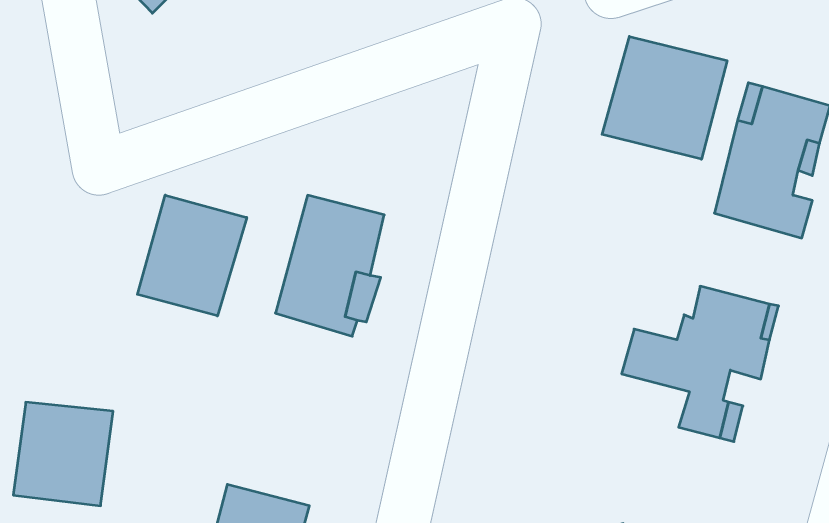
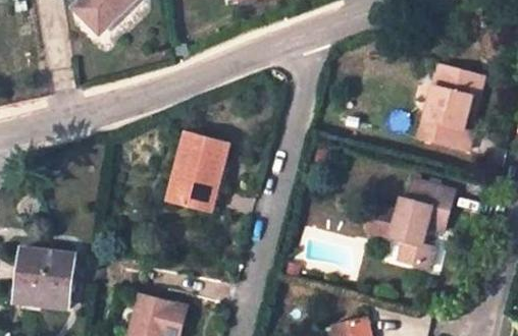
building: [602,36,727,159] -> none
building: [137,195,247,316] -> none

